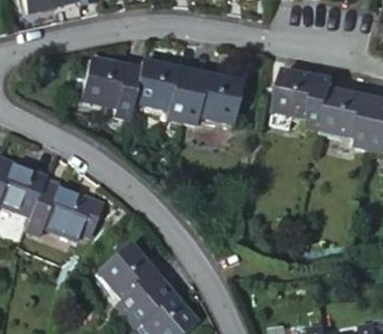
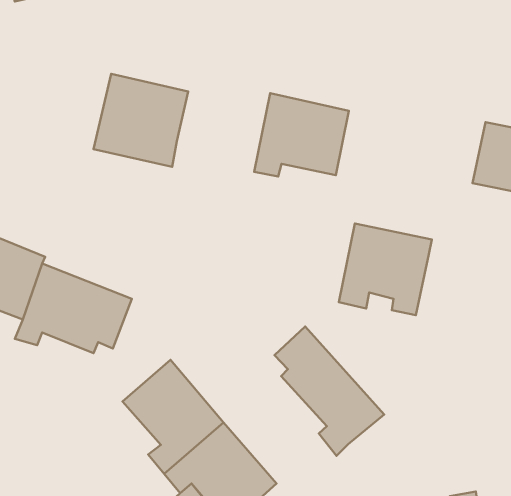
building: [132,59,192,121] -> none
building: [273,69,332,128] -> [339,224,432,315]
building: none -> [275,327,384,456]

